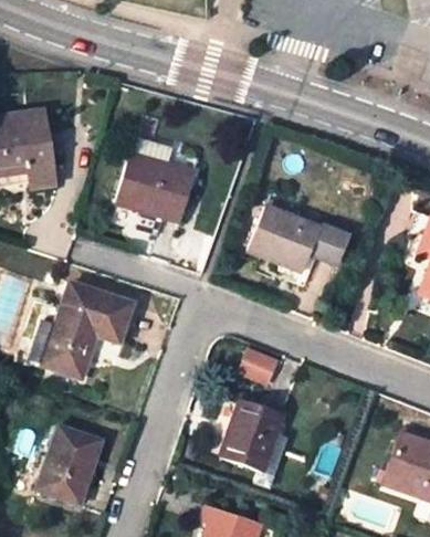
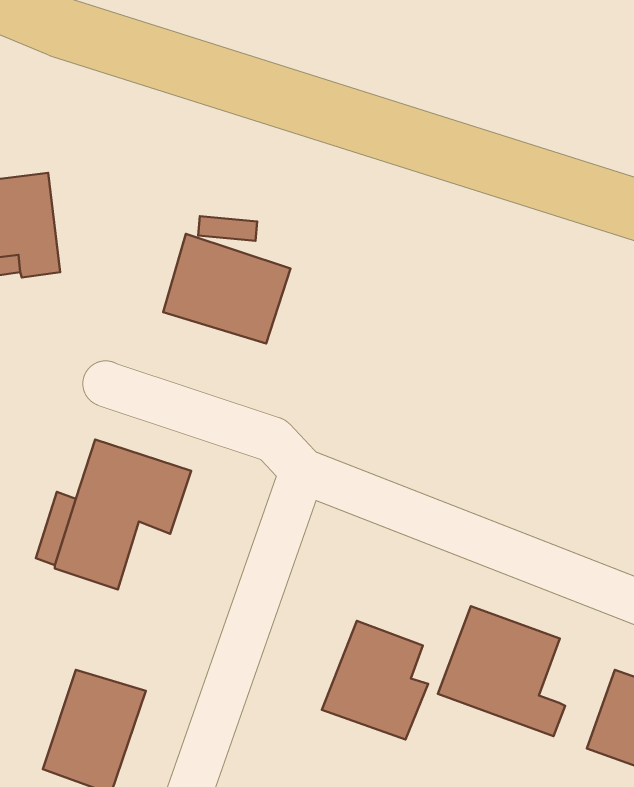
building: [249,206,348,272] -> none
building: [241,349,283,390] -> none
building: none -> [438,606,565,736]

